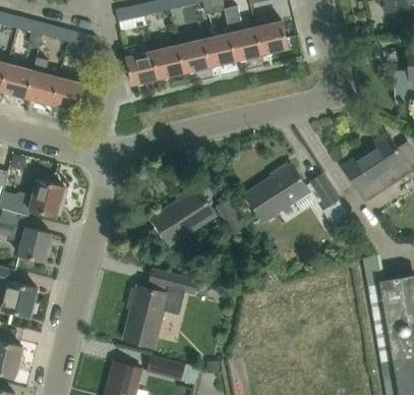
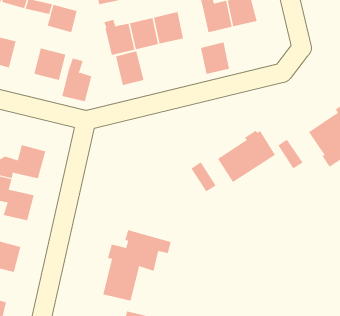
building: [204,32,236,66] -> [200,42,230,74]
building: [25,57,58,104] -> [62,58,92,102]
building: none -> [116,51,144,86]
building: [153,186,216,244] -> none

